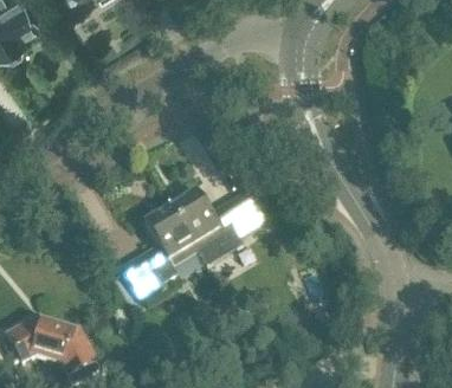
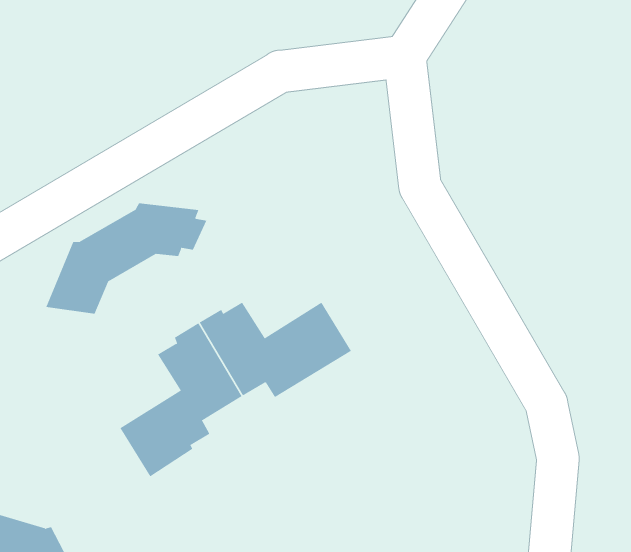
building: none -> [45,202,207,314]

